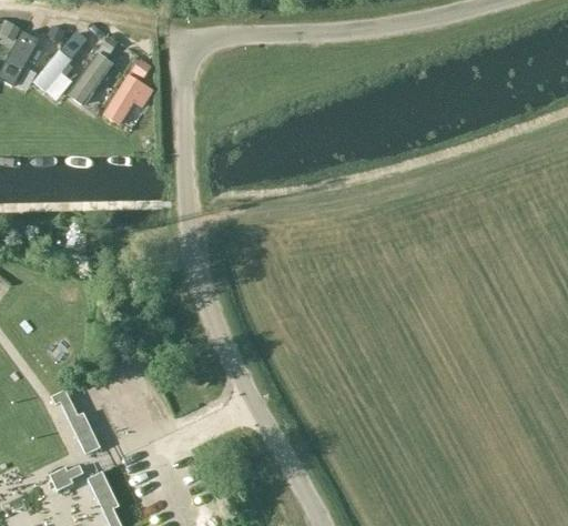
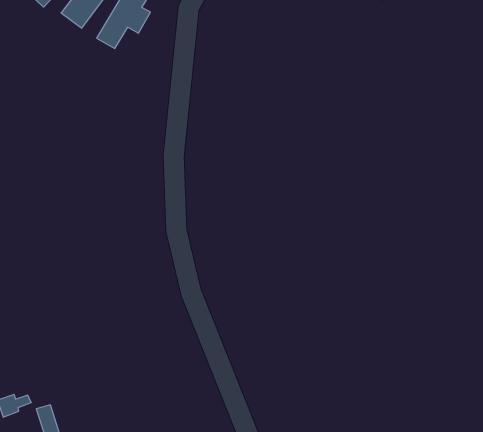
building: [55,396,103,459] -> none

